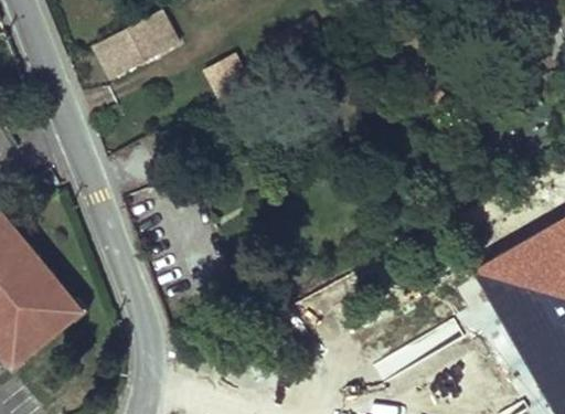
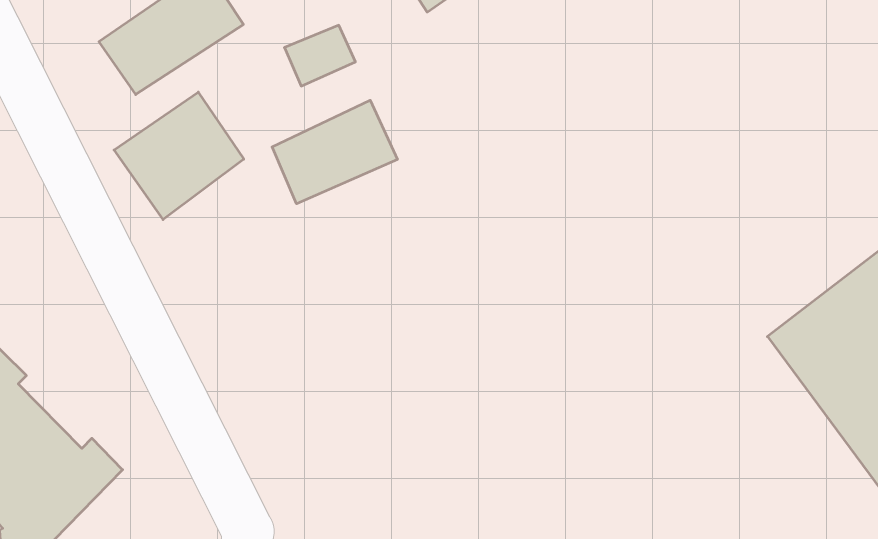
building: none -> [114,92,244,220]
building: none -> [272,100,397,204]

